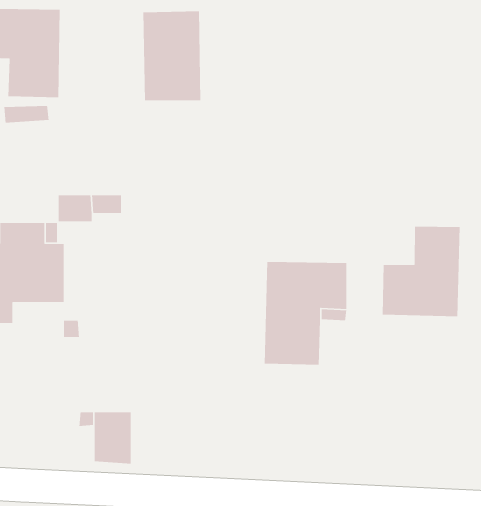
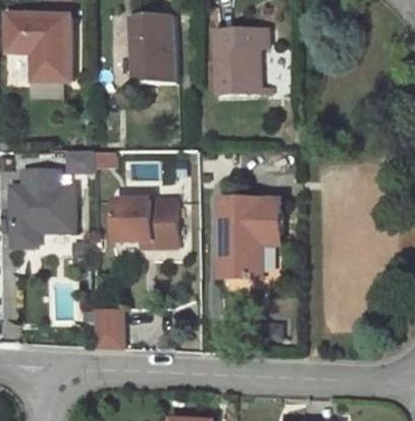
building: none -> [214,29,268,94]
building: [382,226,461,317] -> none
building: none -> [113,199,175,246]

